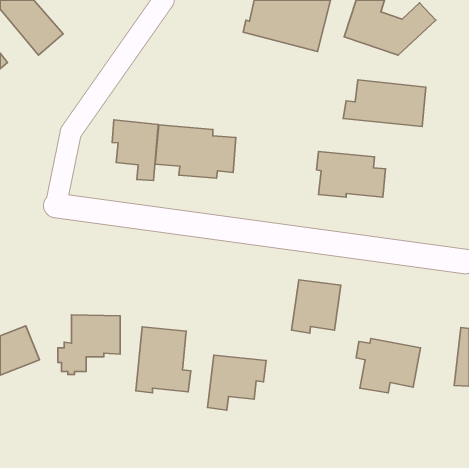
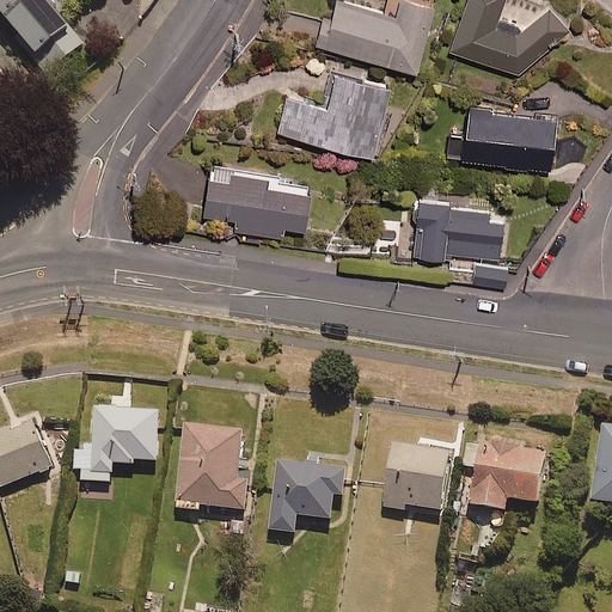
building: none -> [277,68,387,153]
building: [112,120,158,180] -> none
building: [291,280,341,333] -> [385,447,449,516]

